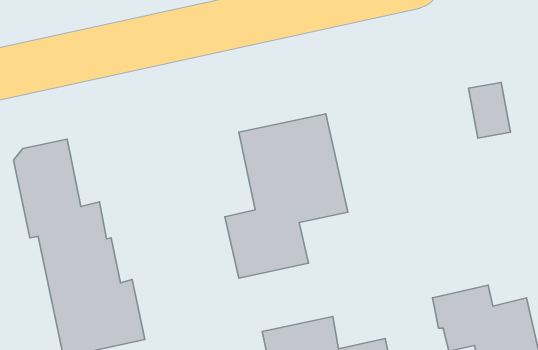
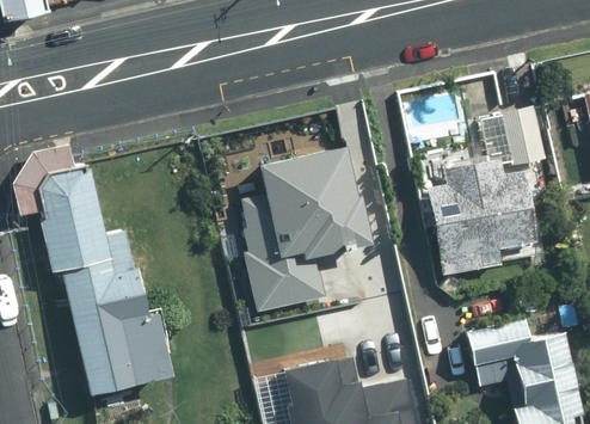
building: none -> [425,161,534,276]

